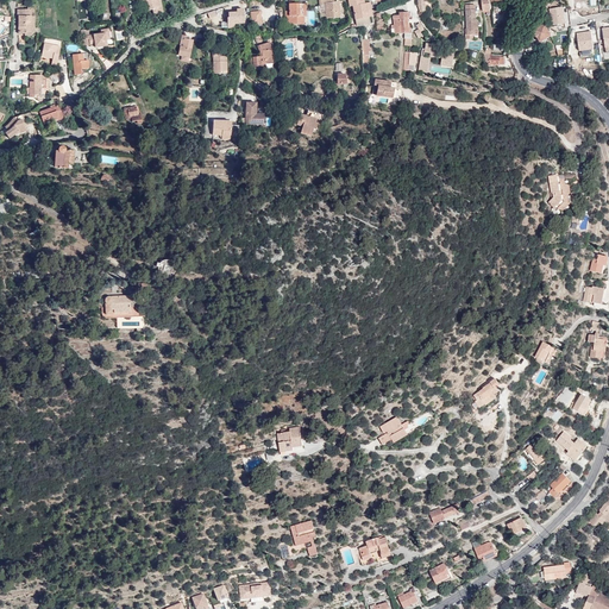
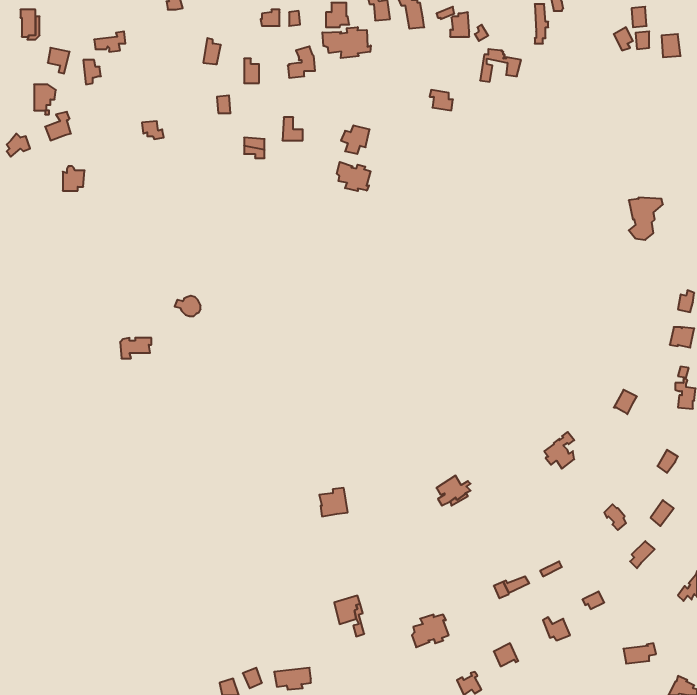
building: none -> [322,27,371,58]
building: none -> [337,162,371,191]

